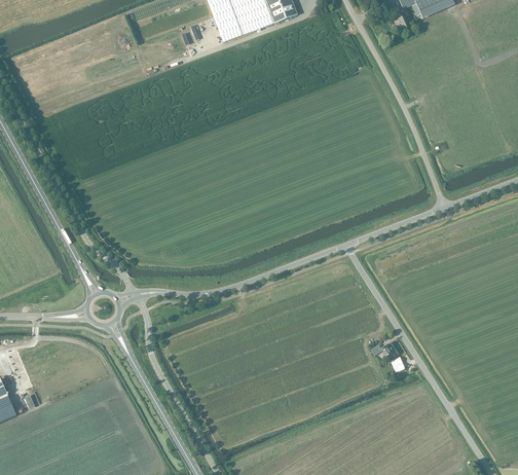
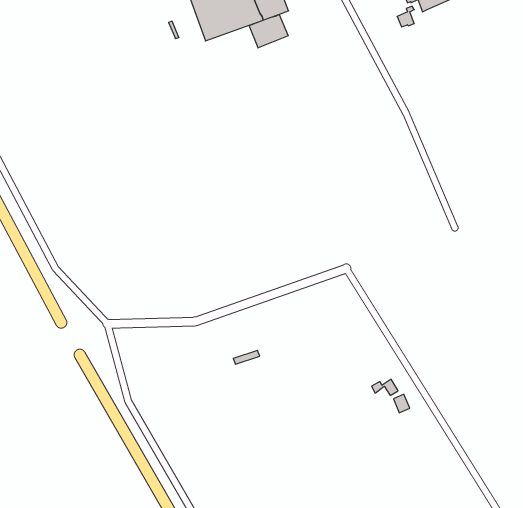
building: none -> [249,15,288,48]

